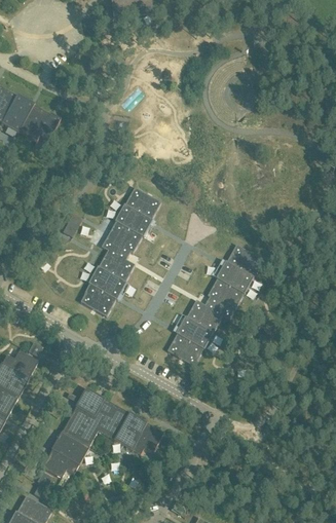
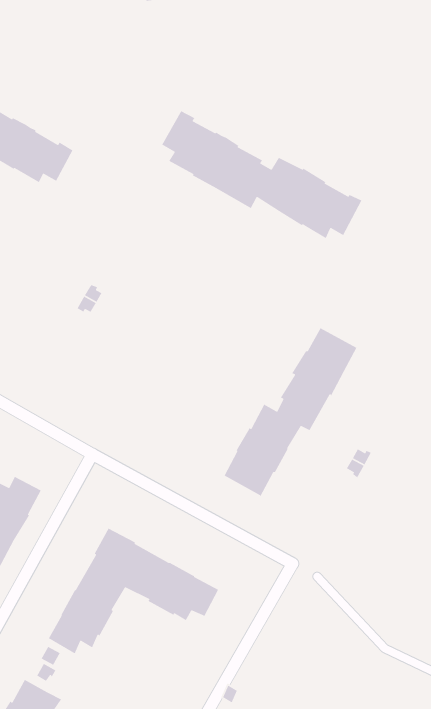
building: none -> [161,110,363,239]
building: [79,187,160,316] -> none

